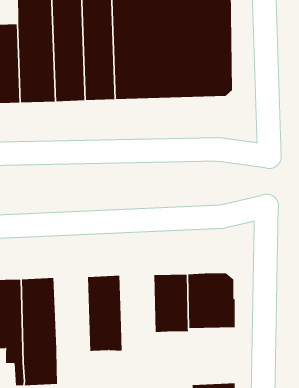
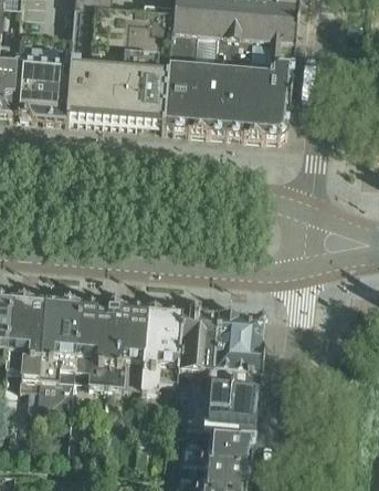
building: none -> [140,309,181,395]
building: none -> [73,303,113,384]
building: none -> [185,372,260,428]

